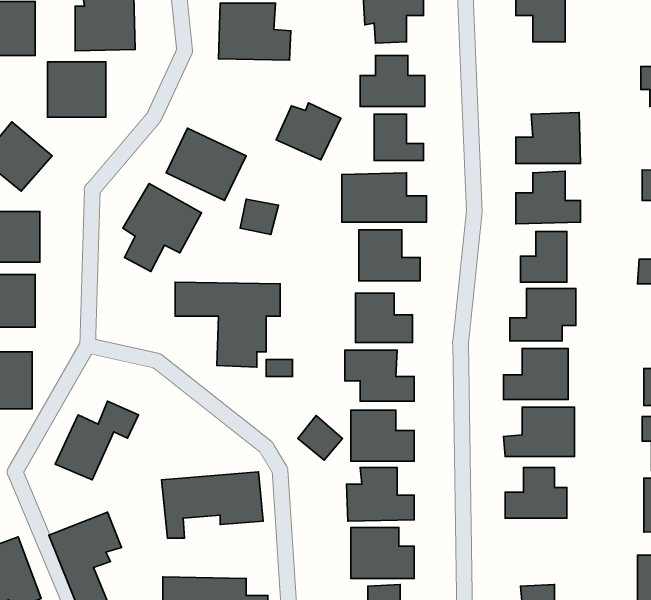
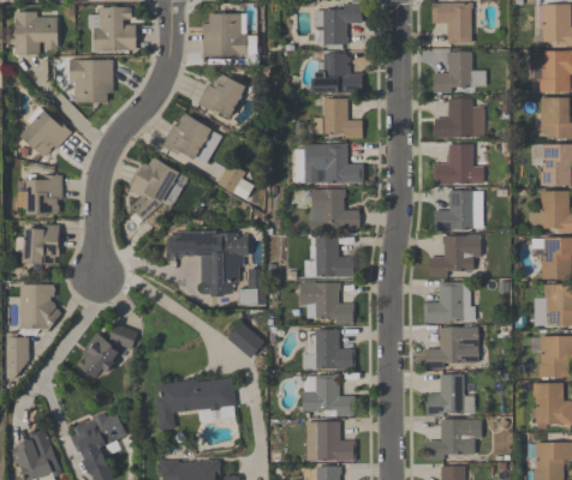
building: none -> [433,53,485,92]
building: [276,103,341,160] -> [197,74,248,119]
building: [298,415,342,460] -> [227,322,262,356]
building: none -> [427,419,482,457]

